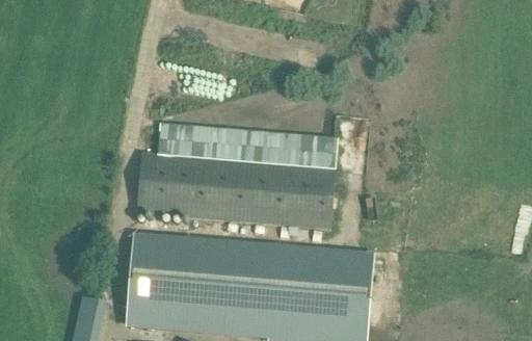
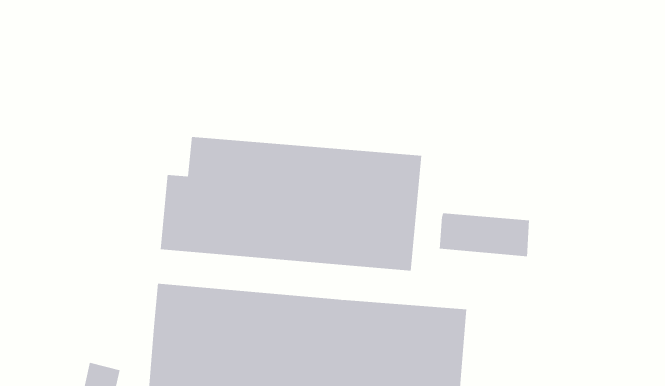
building: none -> [439,212,529,257]

